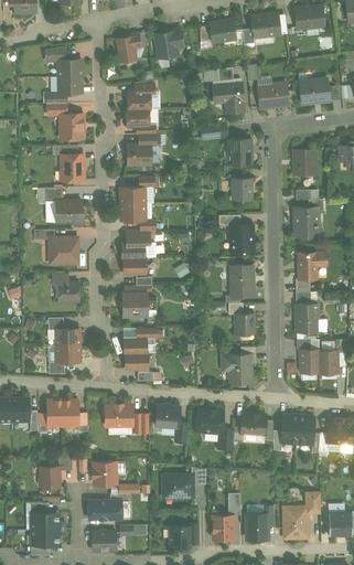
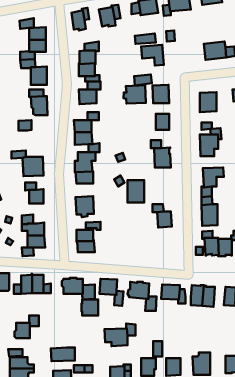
building: [257,82,287,108] -> none
building: none -> [123,85,146,104]
building: [55,200,84,222] -> none
building: [229,265,253,296] -> [127,180,144,203]
building: [221,353,255,383] -> none
building: [92,461,115,483] -> [81,300,98,316]

